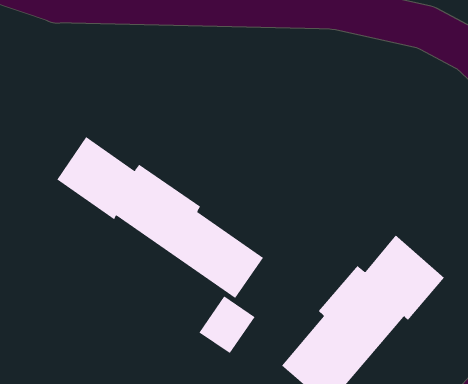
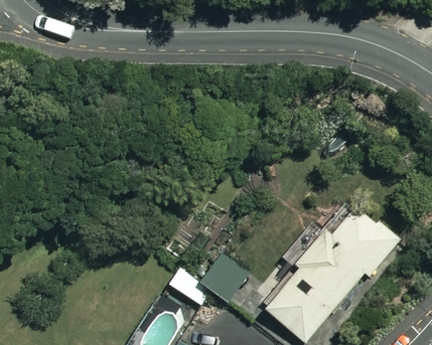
building: [56,136,264,299] -> none

